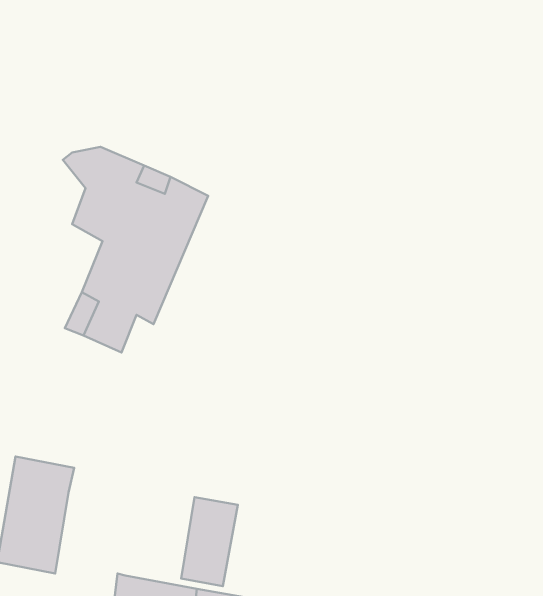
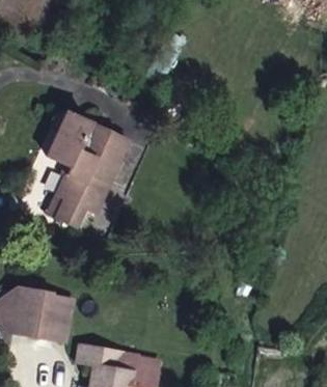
building: [181,497,238,586] -> [43,299,74,348]

